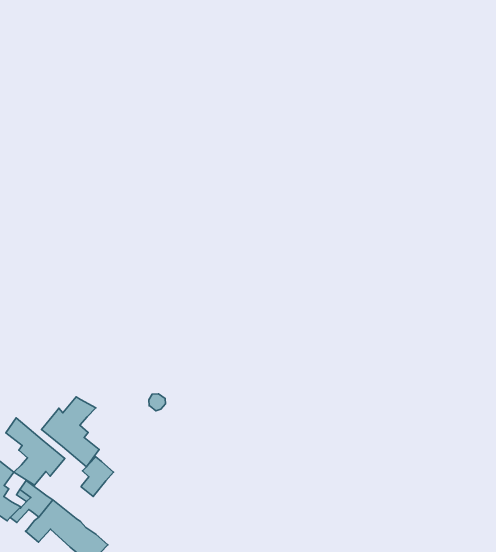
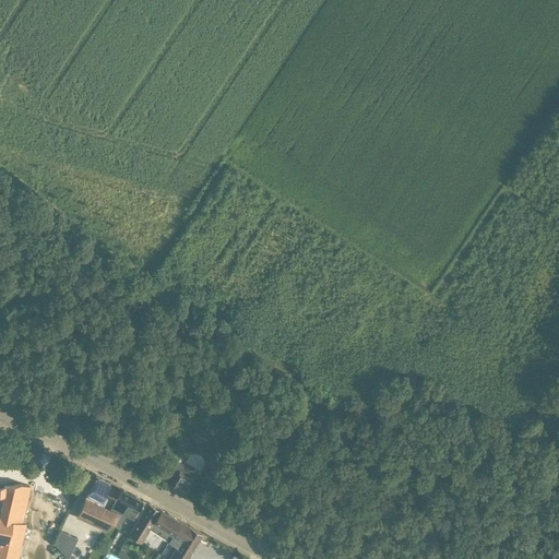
building: [42,397,99,467] -> none
building: [6,418,65,485] -> none

